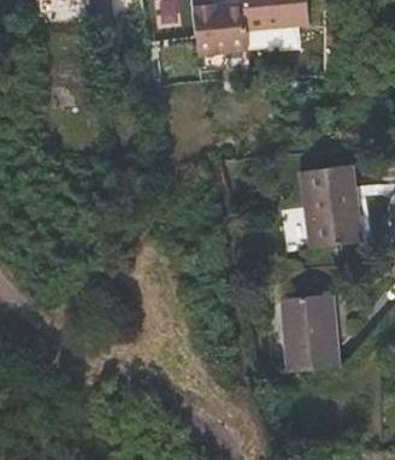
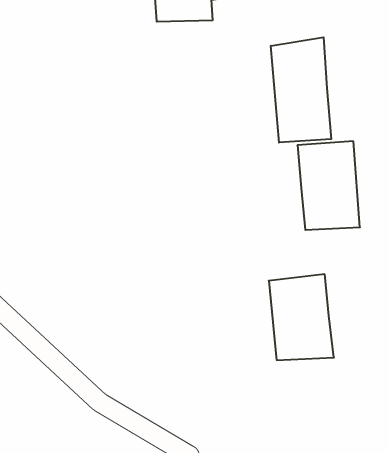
building: none -> [271,37,331,143]

